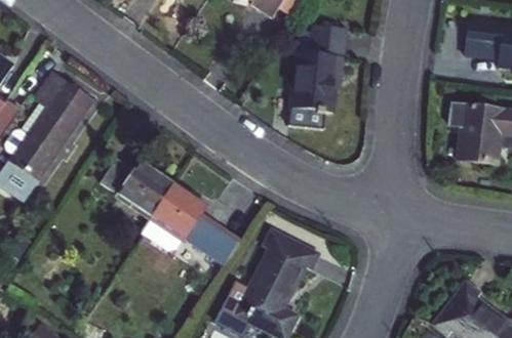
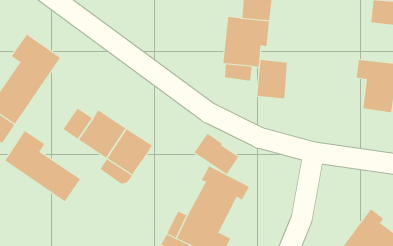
building: none -> [257,59,288,99]
building: none -> [4,130,81,202]
building: [183,213,237,263] -> [193,133,239,175]

